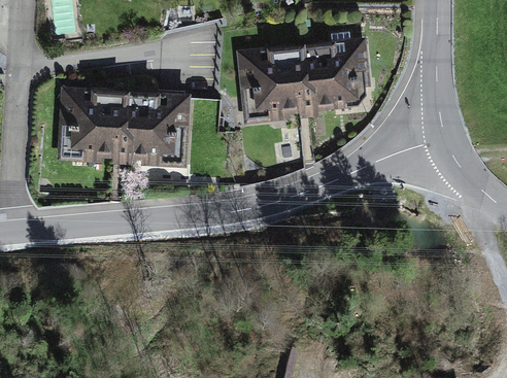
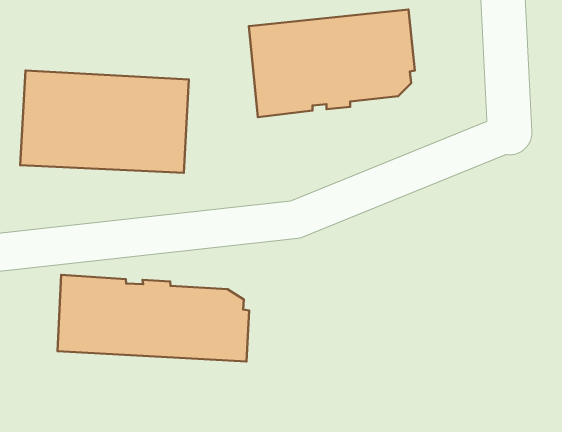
building: none -> [58,275,249,362]

